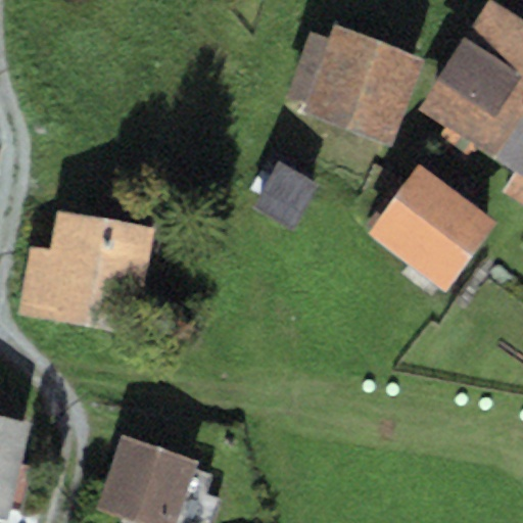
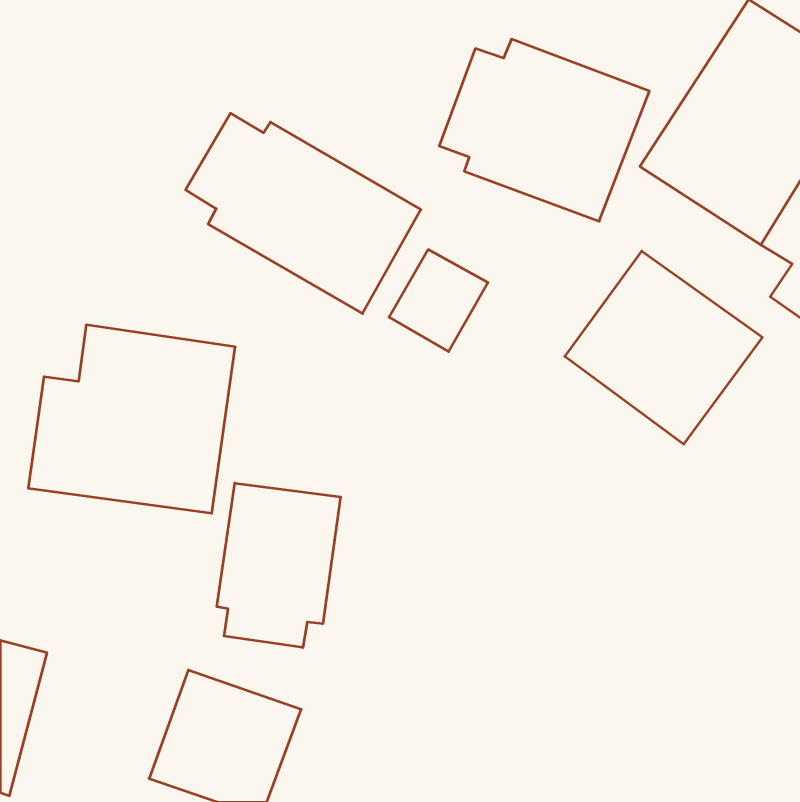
building: none -> [186,113,421,314]
building: none -> [217,483,341,648]

